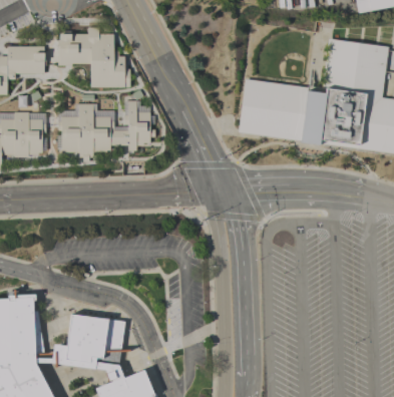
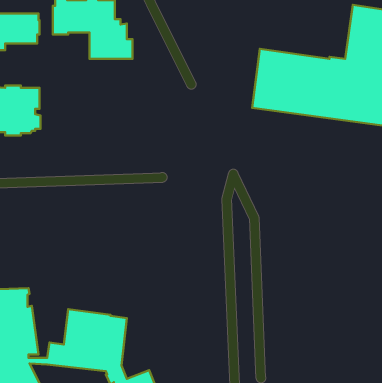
building: [56,100,154,161] -> none

